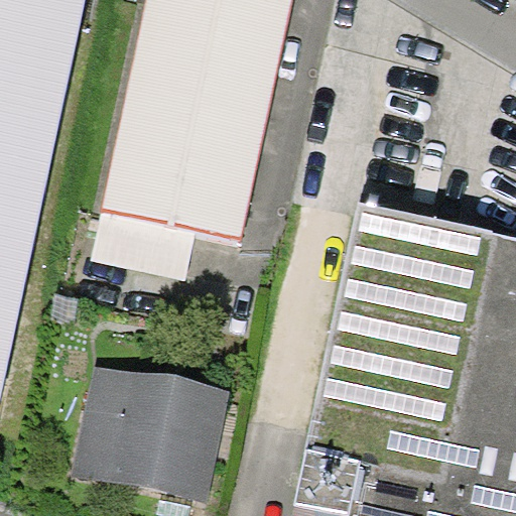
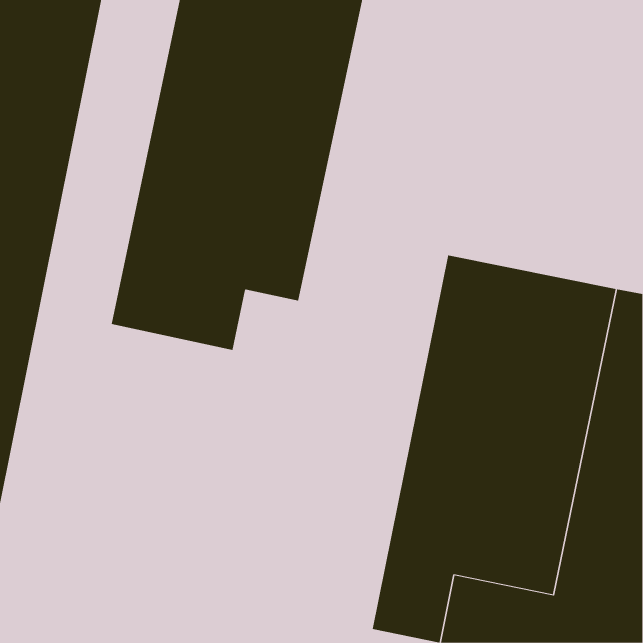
building: [72,364,229,500] -> none

